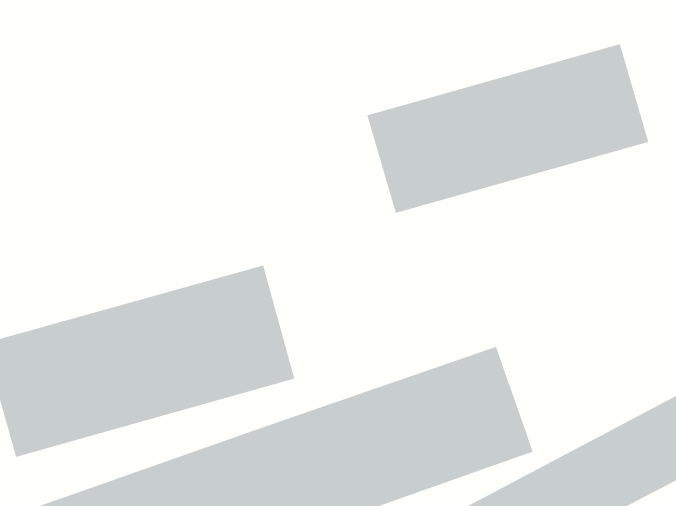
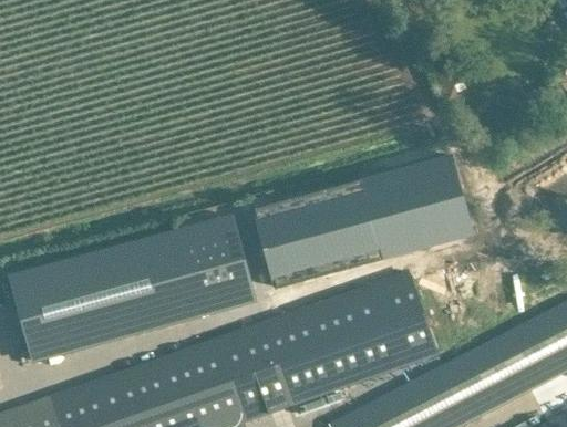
building: [367,44,649,214] -> [247,155,466,287]

